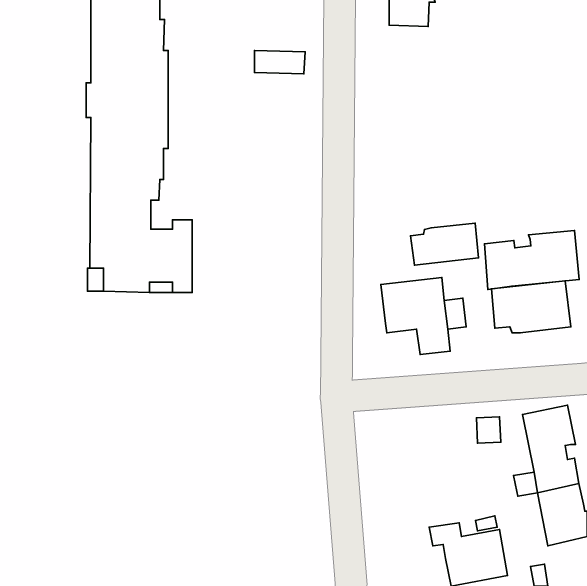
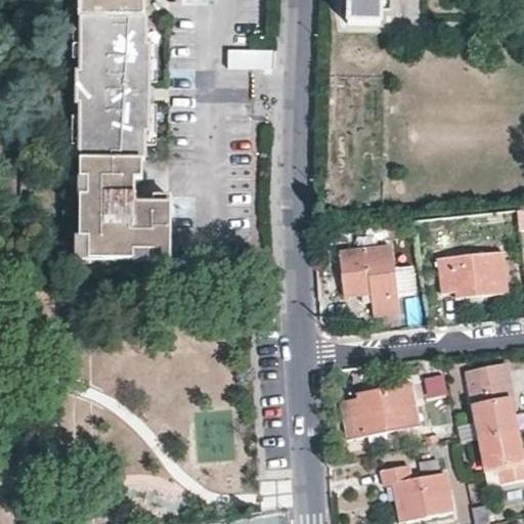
building: [411,223,478,265] -> none
building: [484,230,579,289] -> none
building: none -> [341,382,419,440]

